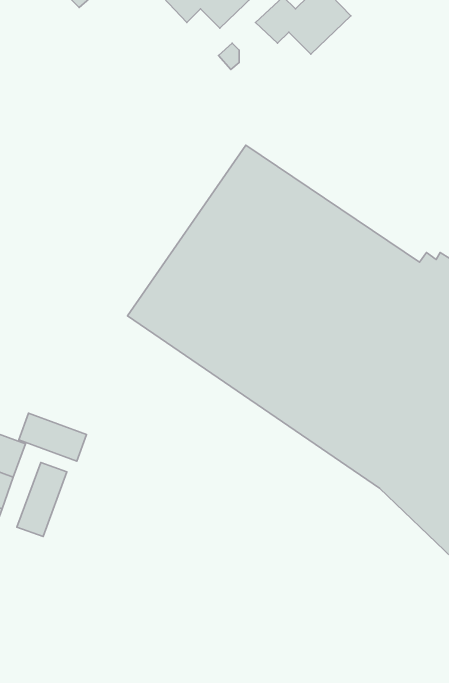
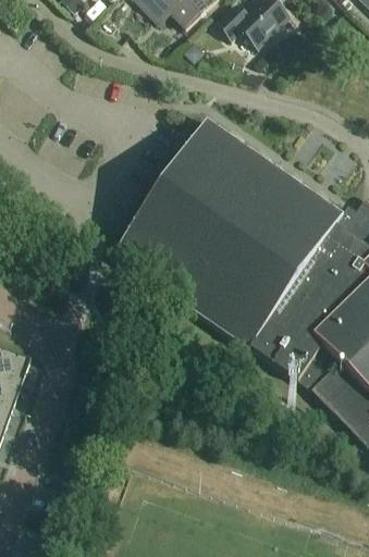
building: [19,413,86,461] -> none
building: [17,462,67,537] -> none

